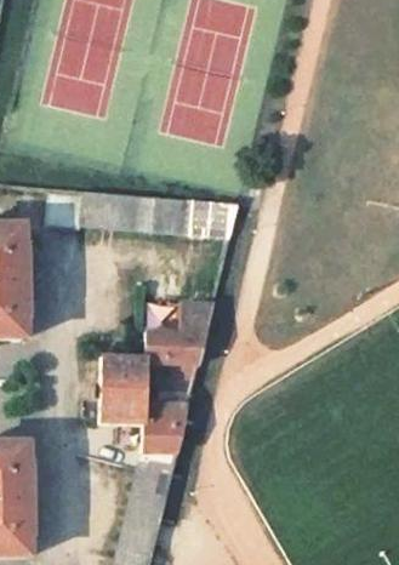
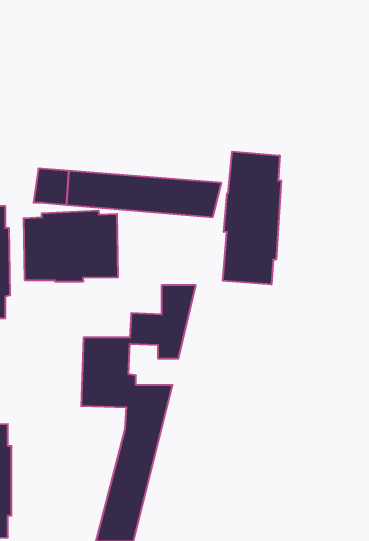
building: none -> [223,152,281,285]
building: none -> [24,211,118,282]

